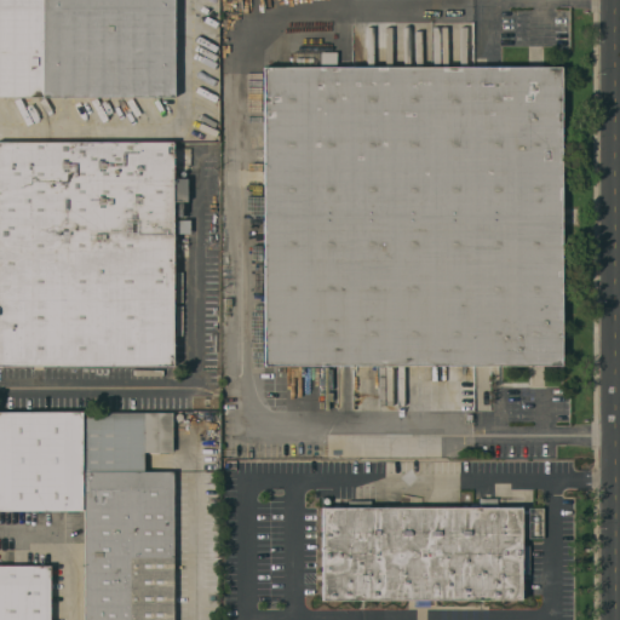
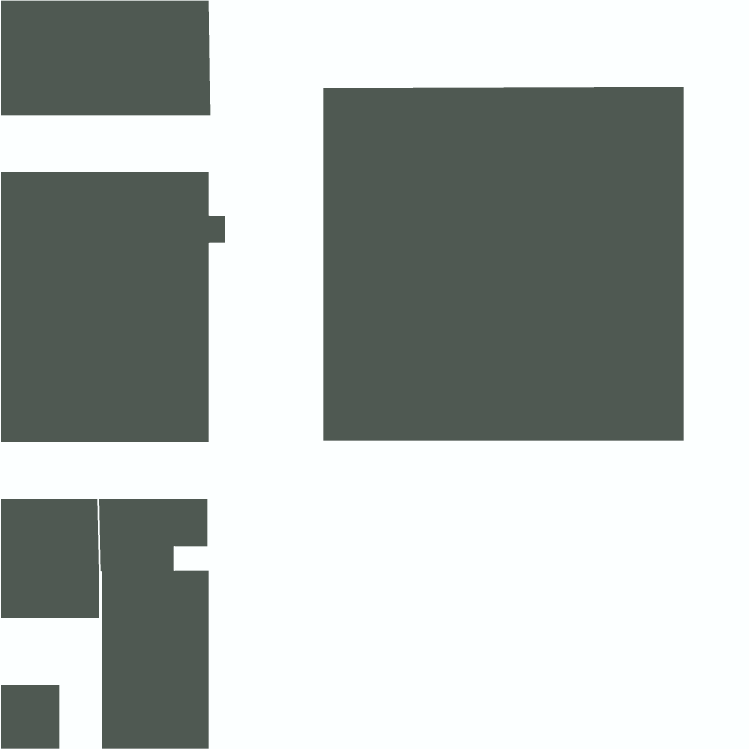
building: [325,506,535,599] -> none

